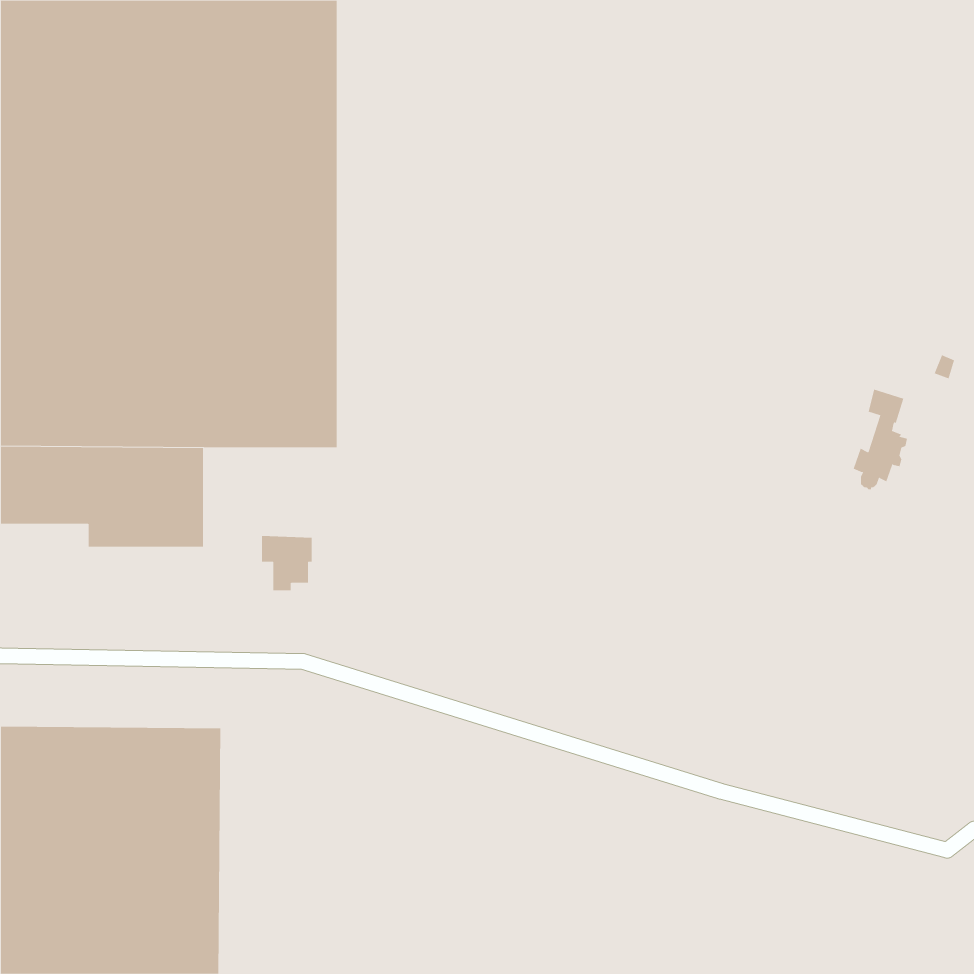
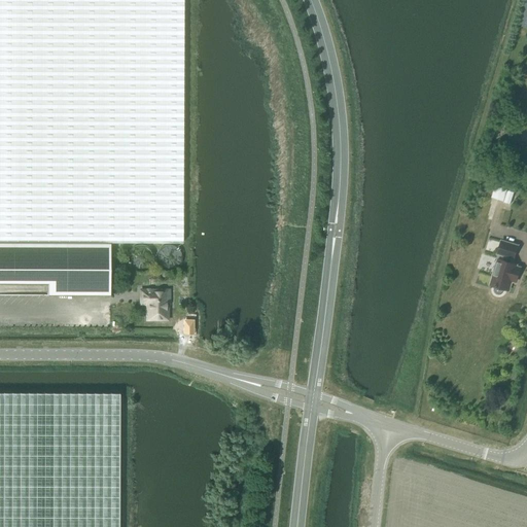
building: [853,389,908,490] -> [490,240,520,294]

